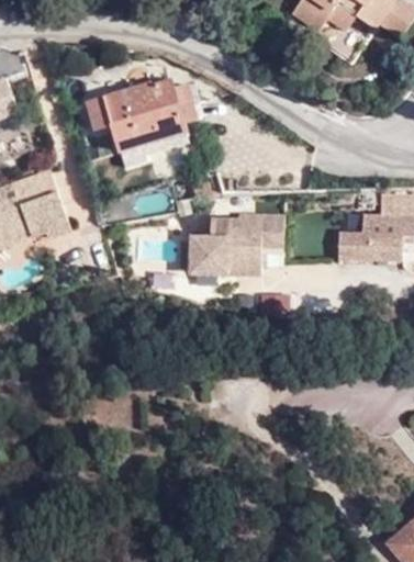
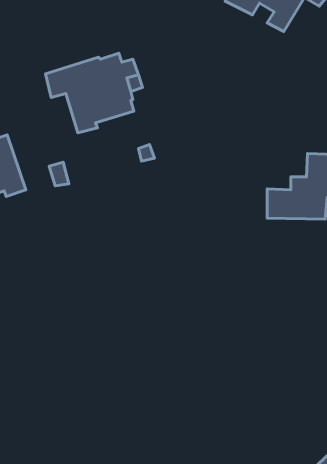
building: [191,215,283,273] -> none

